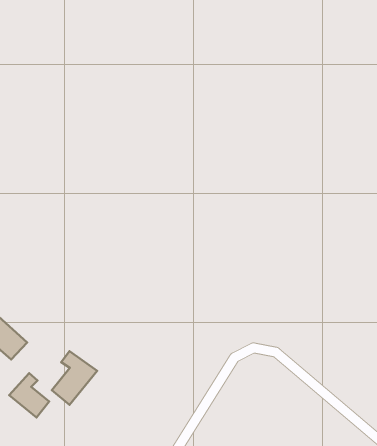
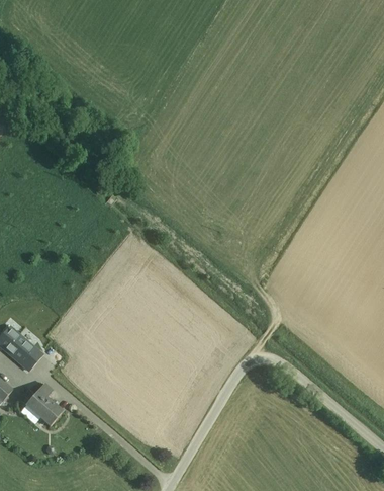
building: [52,351,97,405] -> none

